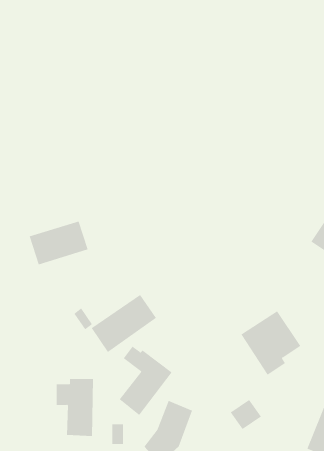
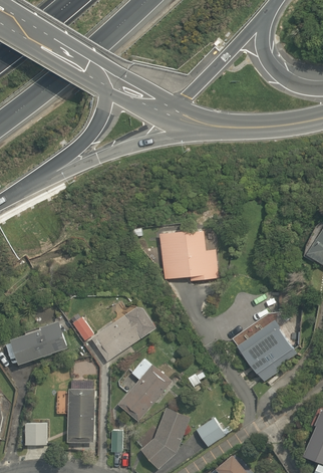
building: none -> [159,226,221,283]
building: [29,221,89,265] -> [9,320,67,364]
building: [230,399,262,430] -> [196,417,227,447]
building: none -> [23,421,49,444]

